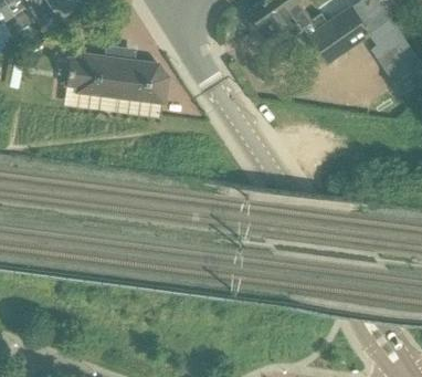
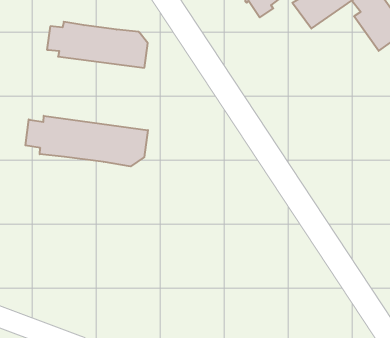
building: none -> [25,116,148,166]

